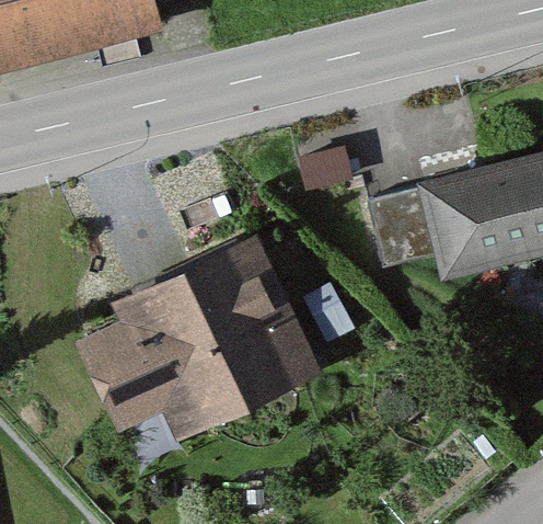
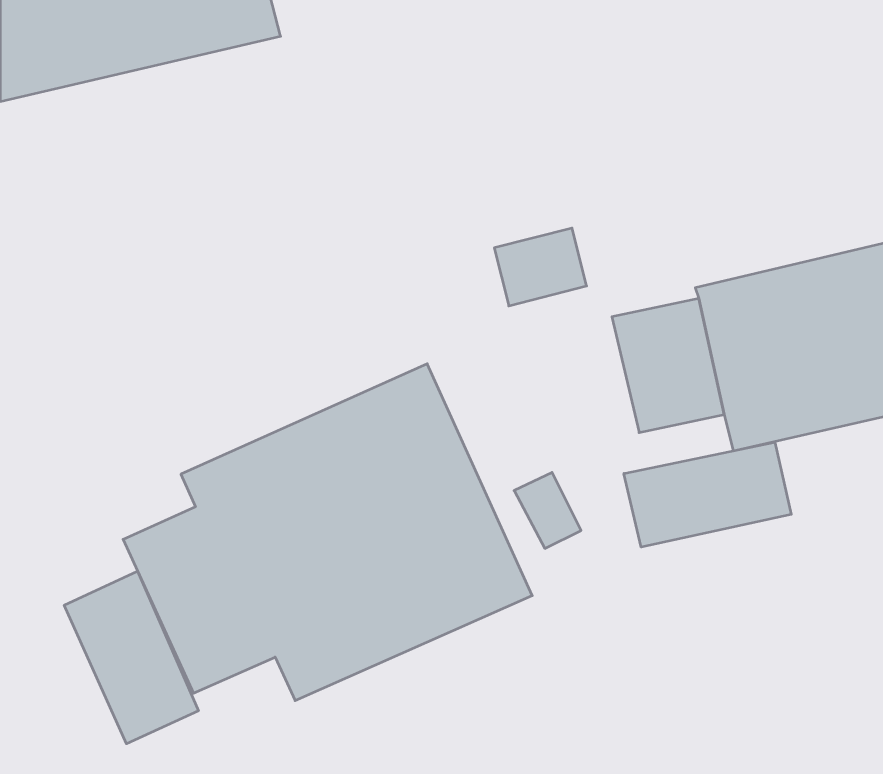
building: none -> [624,442,791,547]
building: none -> [64,571,198,744]

